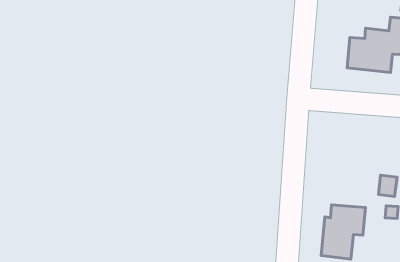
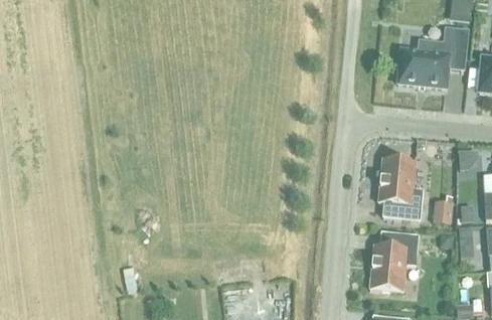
building: none -> [378,155,423,219]

